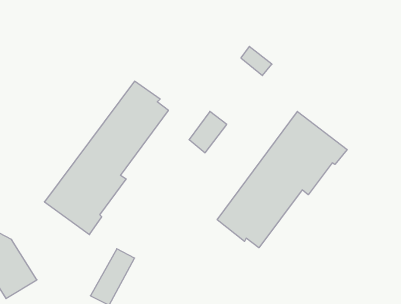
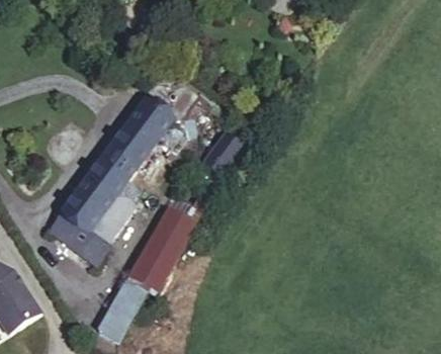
building: [217,111,347,248] -> none
building: none -> [126,206,195,293]

